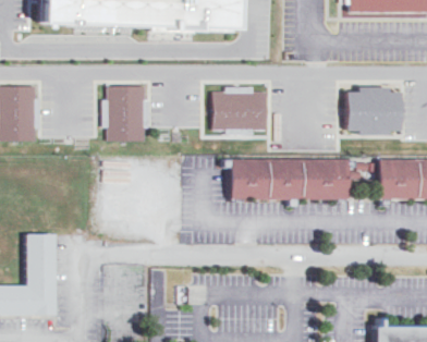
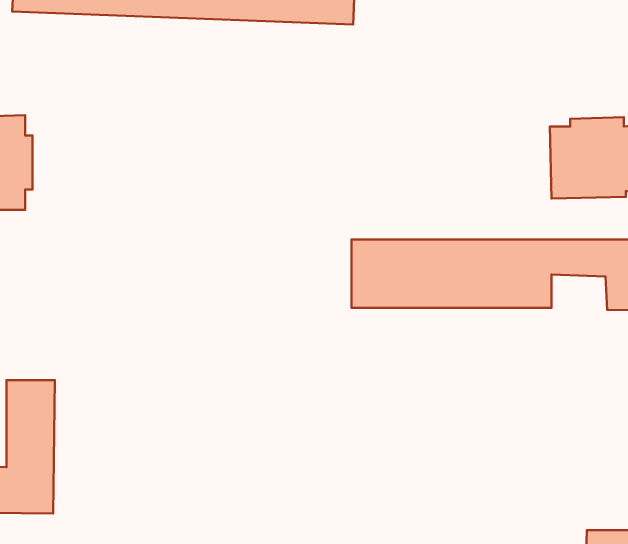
building: [106,84,151,138] -> none
building: [213,84,270,133] -> none

